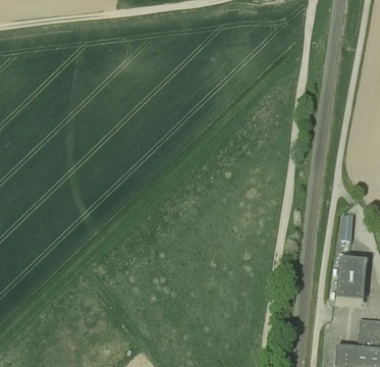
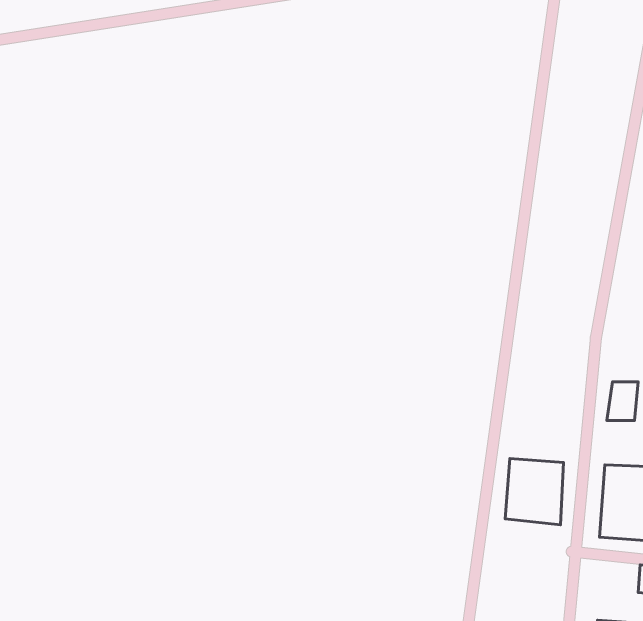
building: none -> [505,458,564,525]

